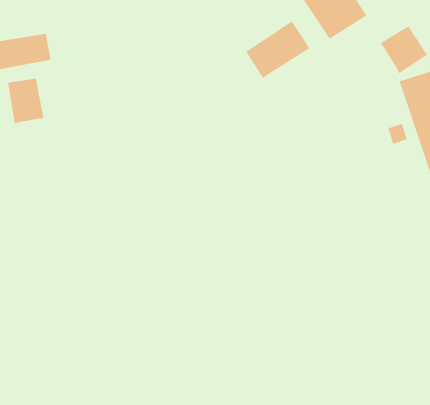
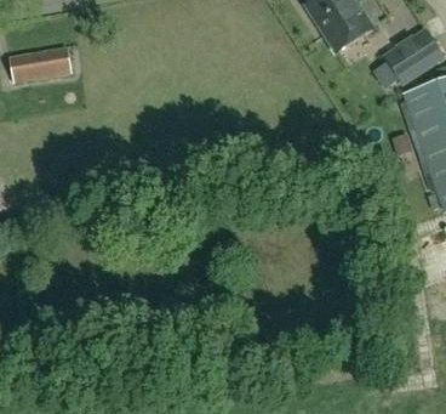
building: [246,21,310,78] -> none
building: [7,78,44,124] -> none

